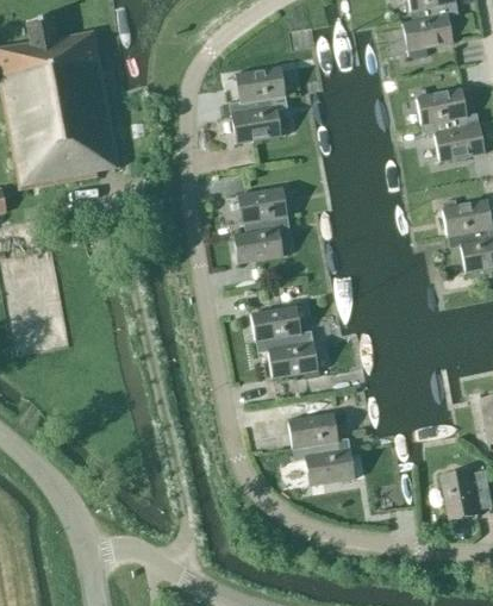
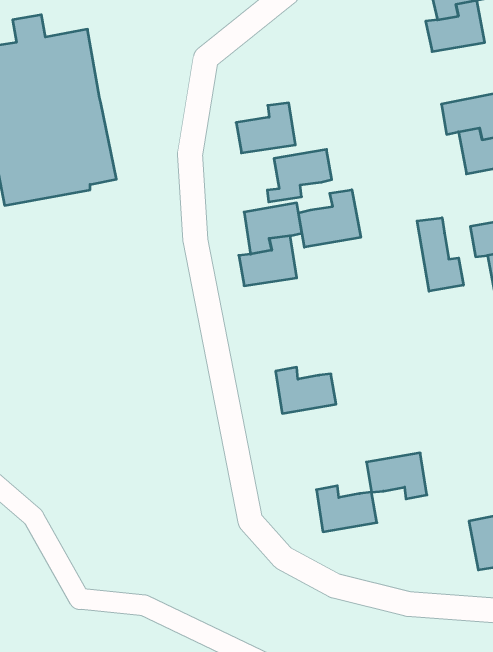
building: [230,67,288,114] -> [267,149,332,202]
building: none -> [298,190,361,247]
building: none -> [417,218,463,291]
building: [251,305,306,346] -> none
building: [288,412,343,454] -> [366,453,427,499]

